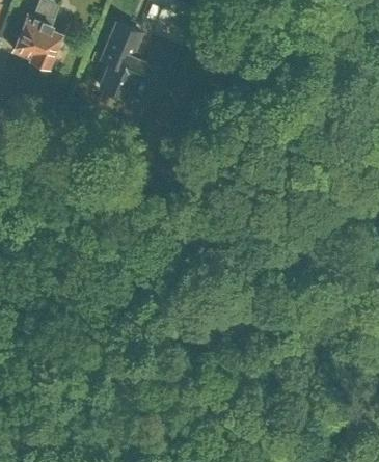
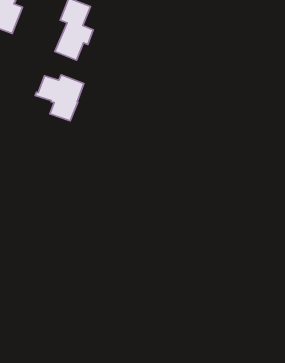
building: none -> [35,75,84,121]

